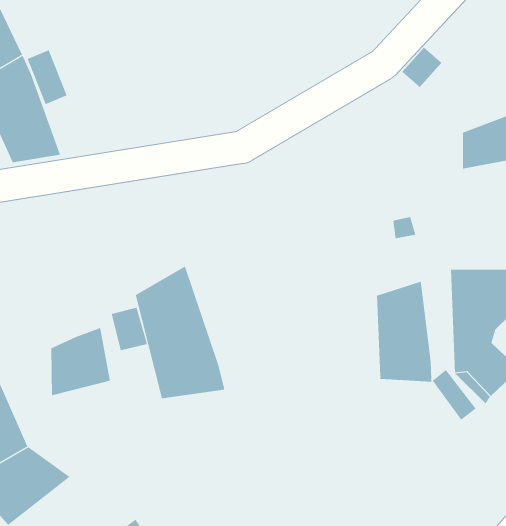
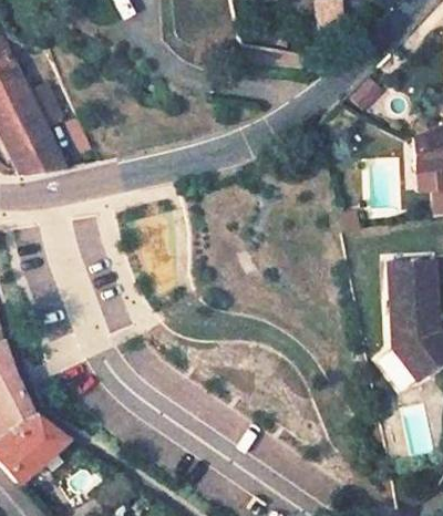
building: [135,265,225,399] -> none
building: [377,281,432,382] -> none
building: [51,327,111,396] -> none

